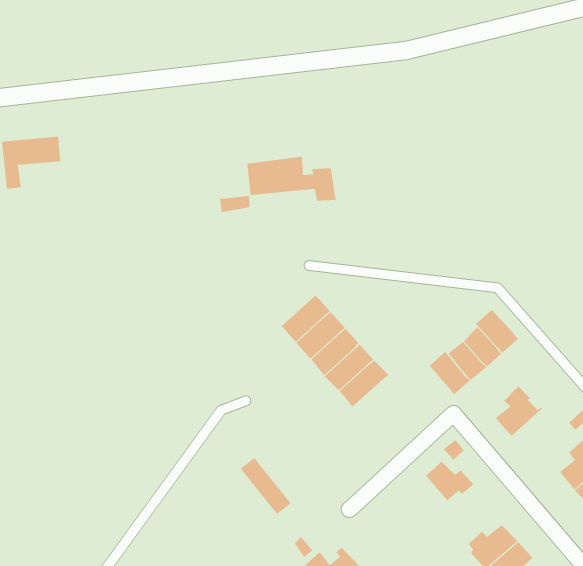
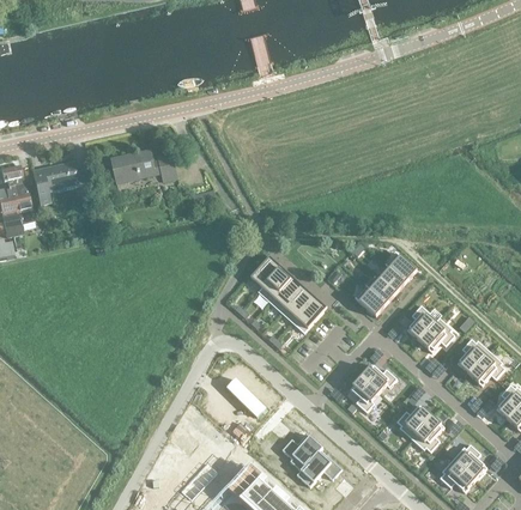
building: [247,156,336,201] -> [110,148,177,181]
building: none -> [419,318,454,352]
building: none -> [350,376,378,412]

